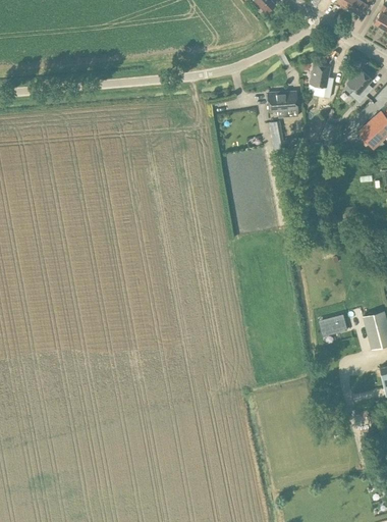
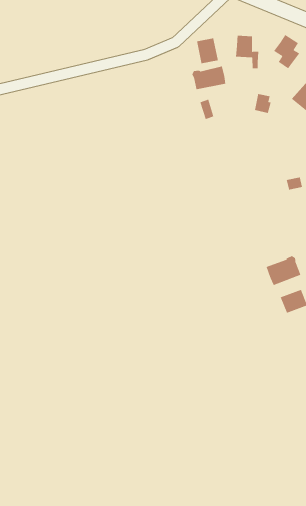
building: none -> [196,37,218,64]
building: none -> [266,255,301,286]

